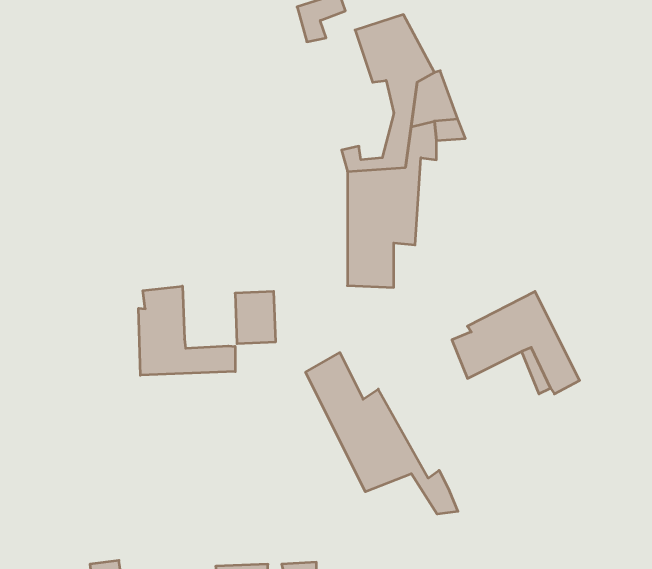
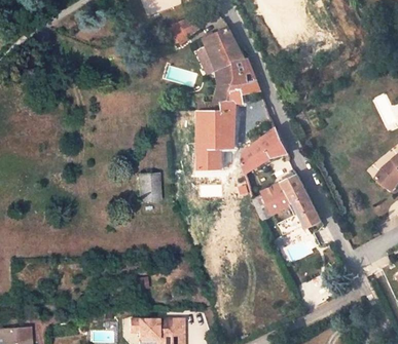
building: none -> [242,128,288,174]
building: [139,286,235,375] -> none
building: [306,353,458,514] -> none

